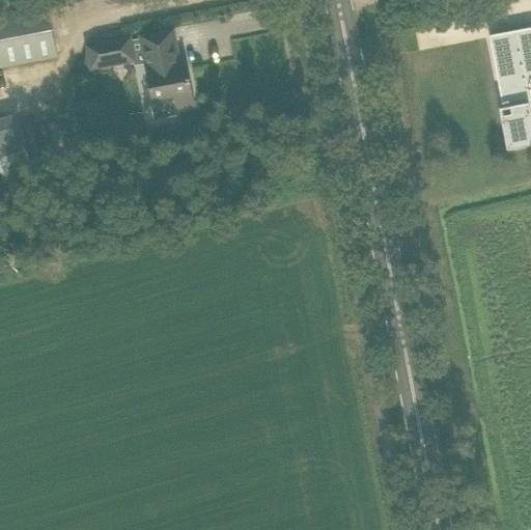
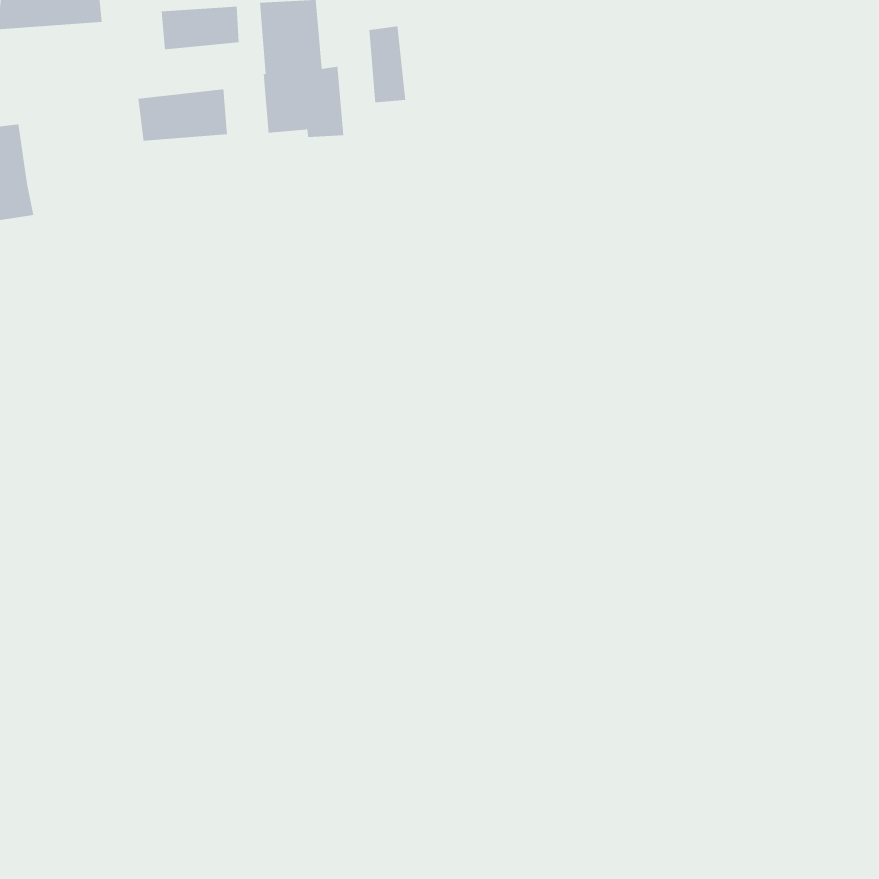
building: none -> [369,25,406,103]
building: none -> [138,89,228,142]

